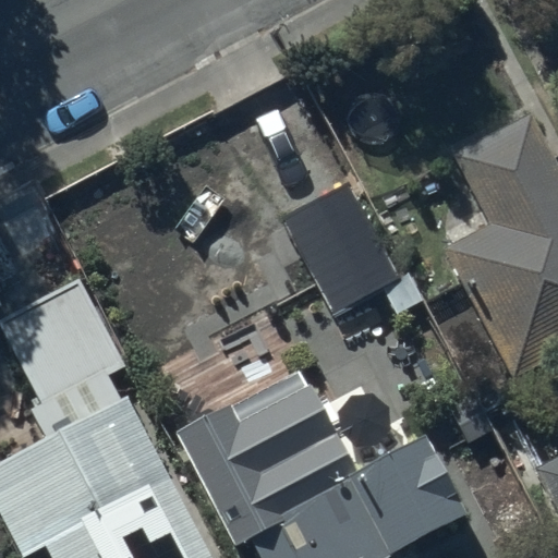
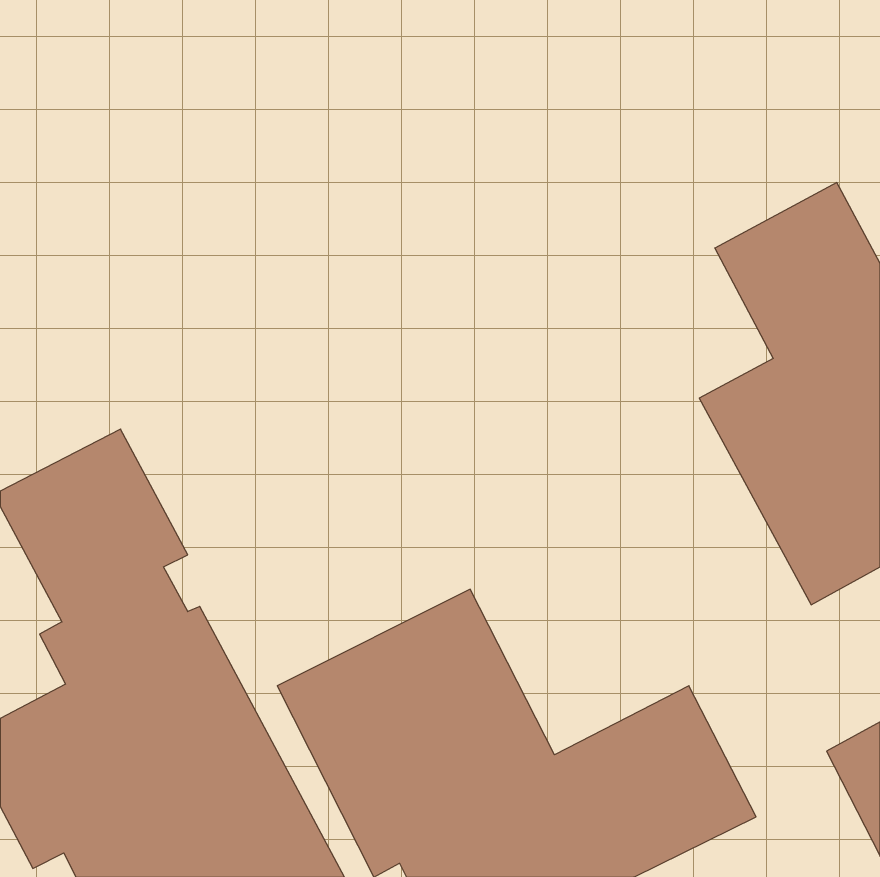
building: [280,183,403,316] -> none

